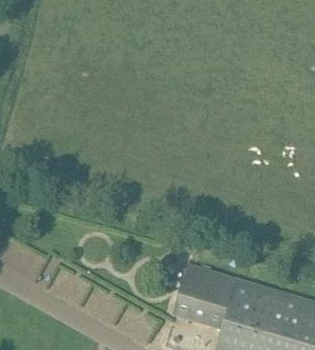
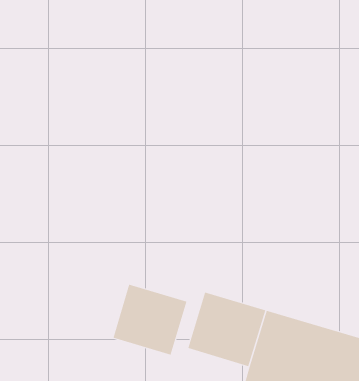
building: none -> [113,284,187,356]

